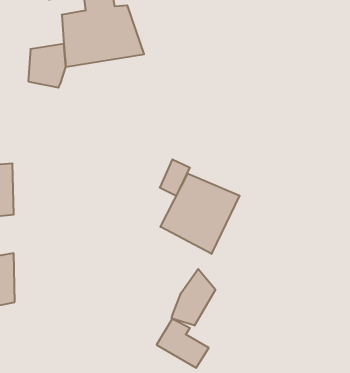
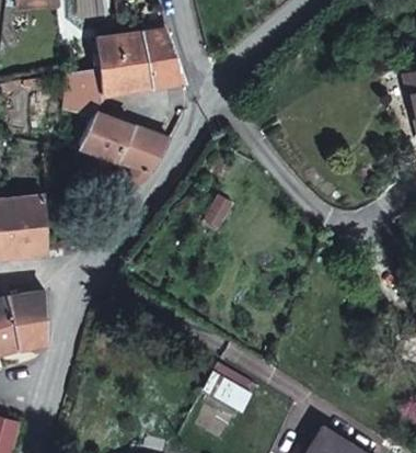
building: none -> [79,112,170,183]
building: [160,174,240,254] -> none
building: [172,269,215,326] -> none

